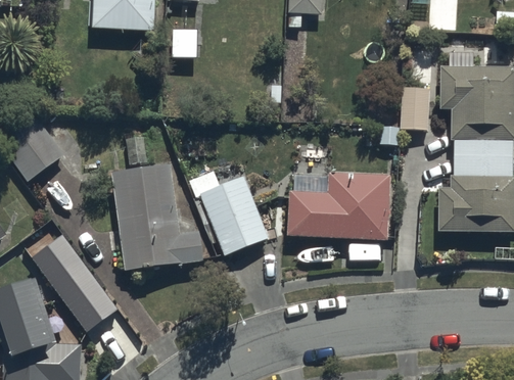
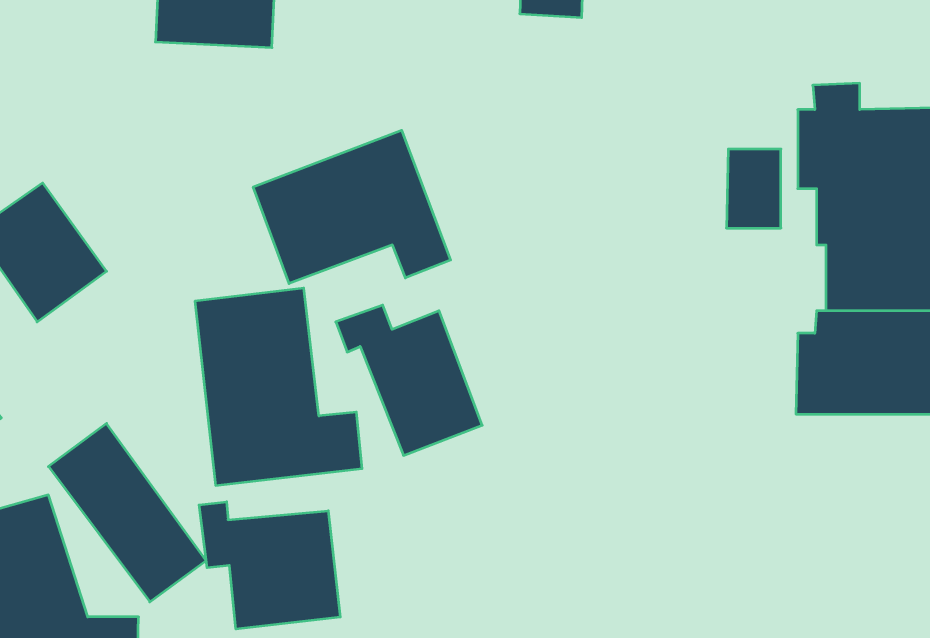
building: none -> [253,130,451,284]
building: [287,173,389,240] -> none
building: none -> [199,502,340,629]

